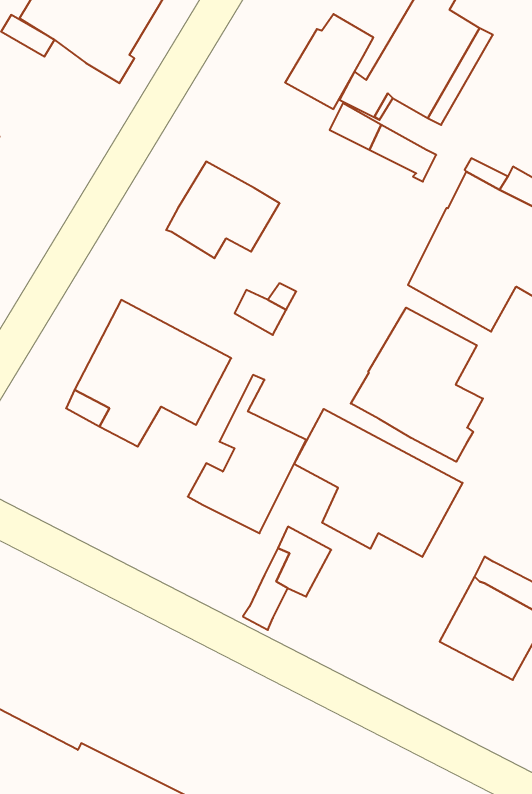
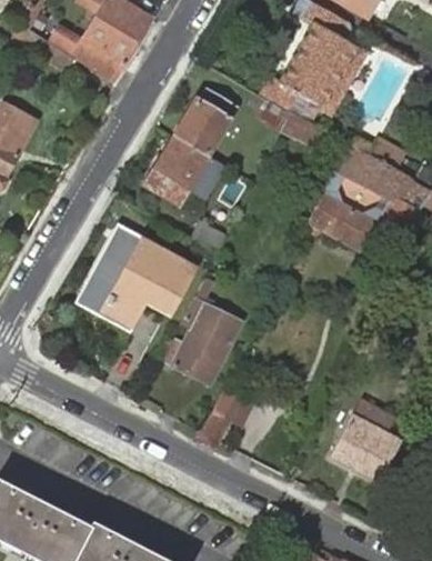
building: [285,14,373,109] -> [175,90,234,153]
building: [351,308,483,462] -> none
building: [294,409,463,557] -> none

